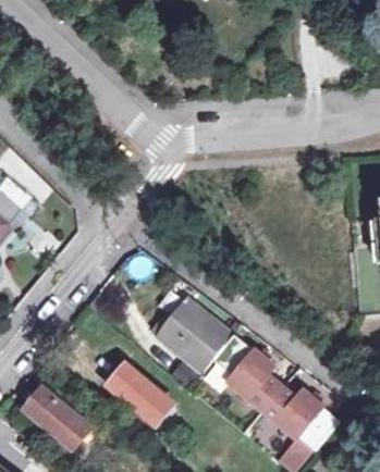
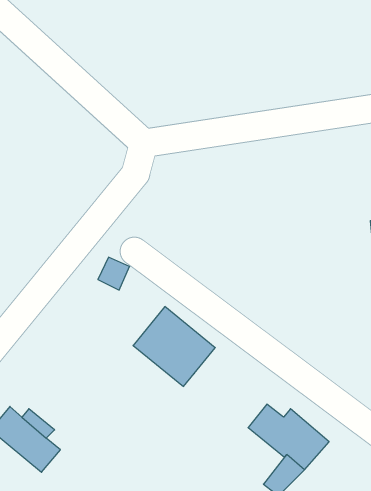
building: [213,333,281,408] -> none
building: [108,363,173,425] -> none

